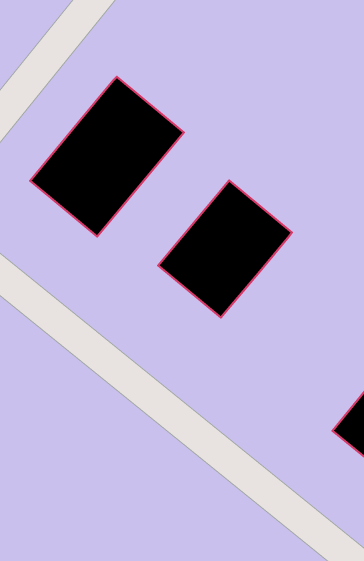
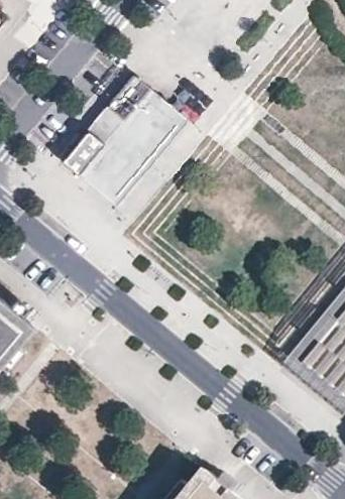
building: [158,180,292,318] -> none

